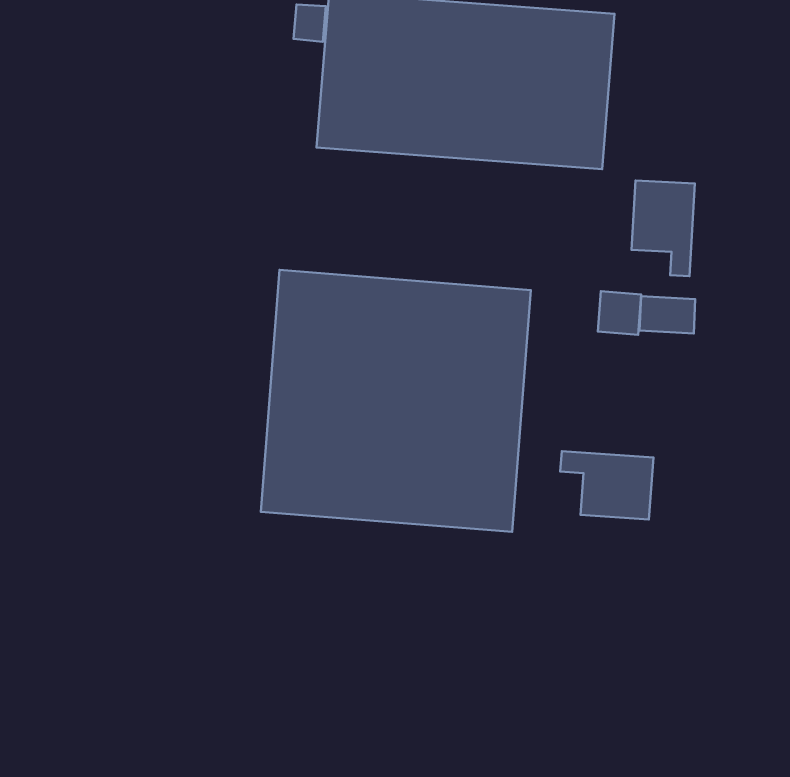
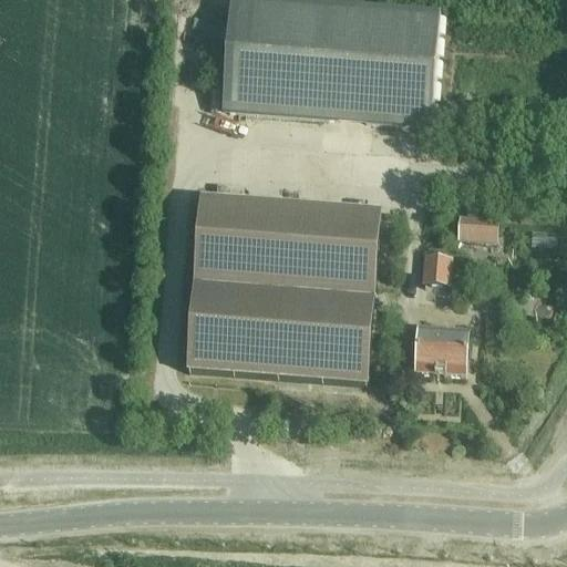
building: [632,180,695,276] -> none
building: [598,291,641,335] -> [420,249,451,280]

